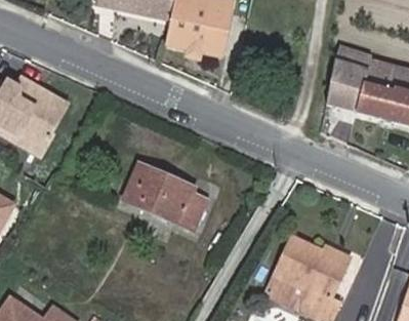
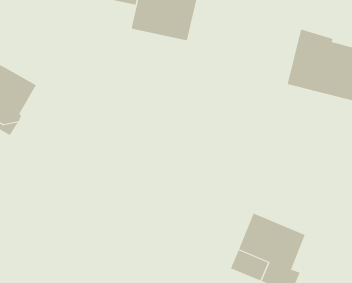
building: [125,162,203,226] -> none

